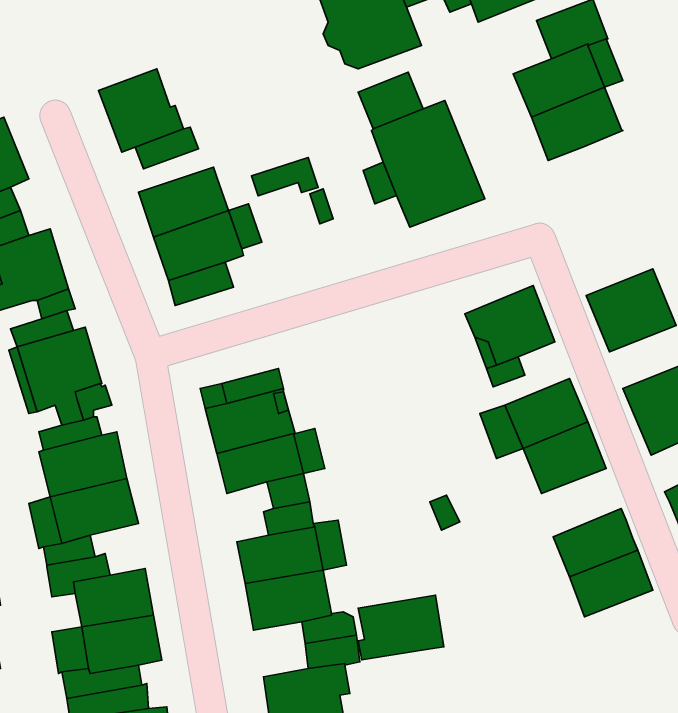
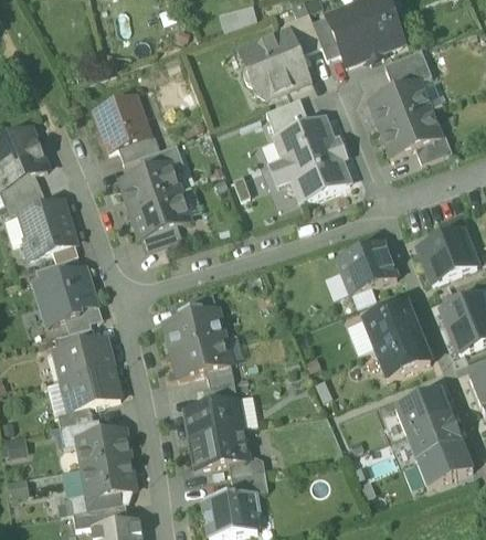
building: none -> [414,134,451,163]
building: [252,157,318,196] -> [138,144,182,169]
building: none -> [415,441,472,485]
building: [358,595,444,660] -> none

